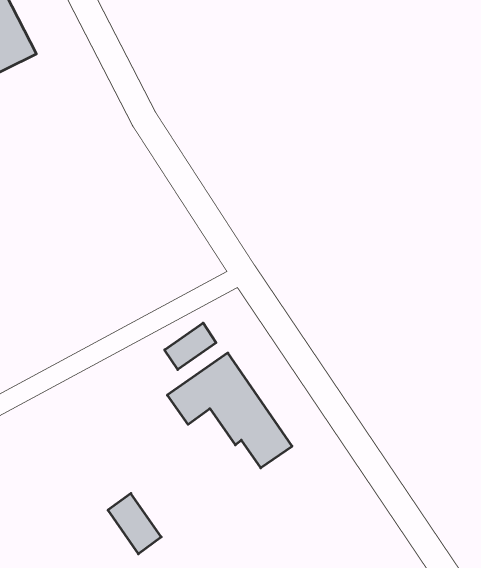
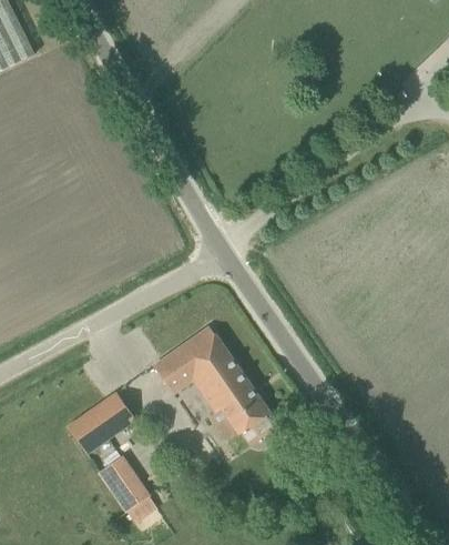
building: [165,323,216,370] -> none
building: none -> [69,392,136,453]

